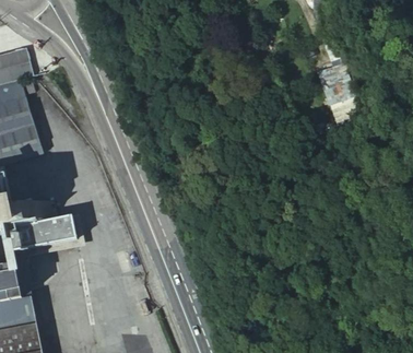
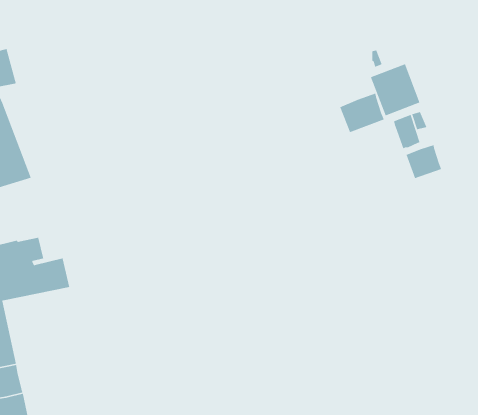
building: none -> [339,93,385,133]
building: none -> [405,144,442,179]

